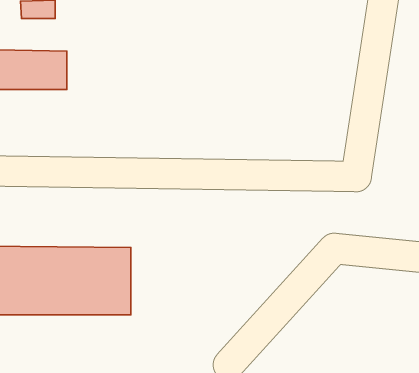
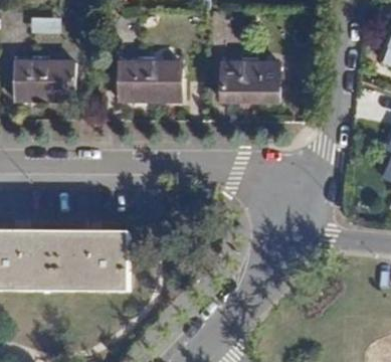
building: none -> [116,63,175,99]
building: none -> [219,64,279,99]

